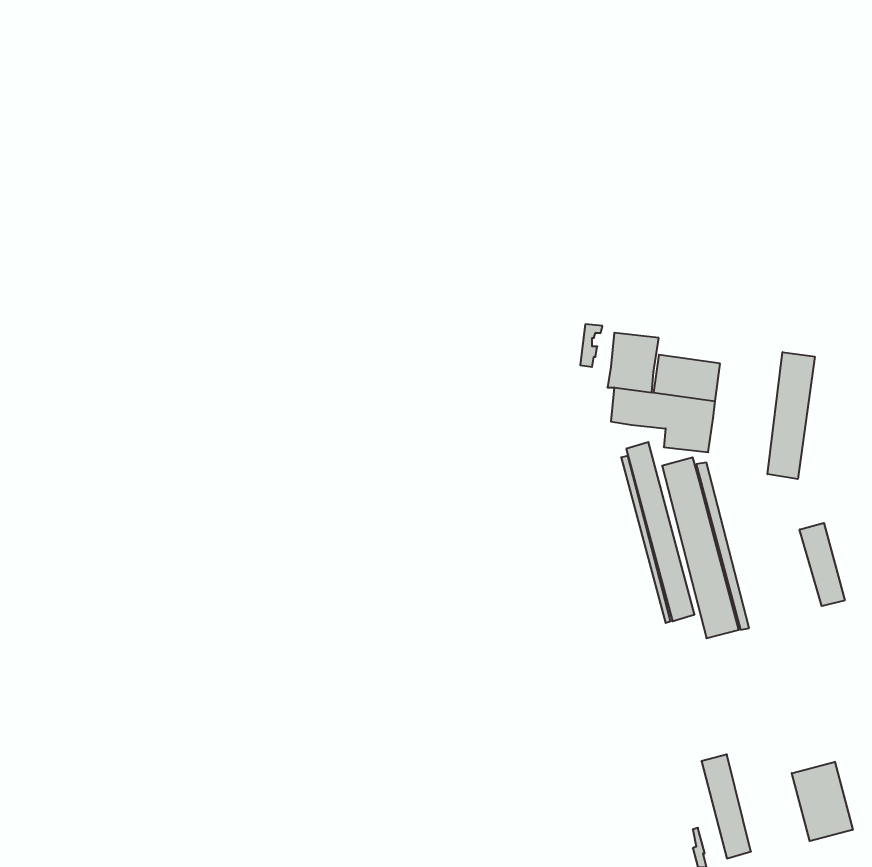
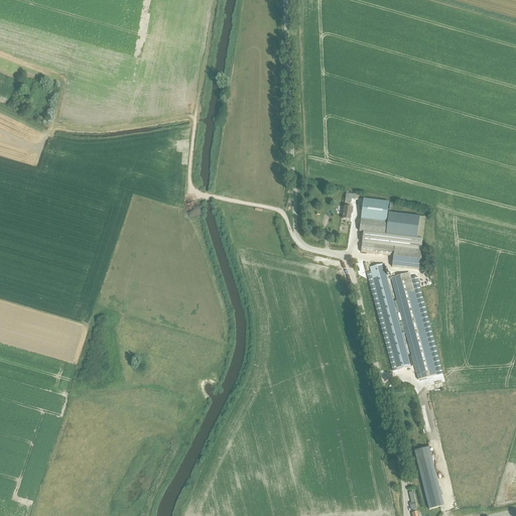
building: [768,352,815,479] -> none
building: [800,523,845,606] -> none
building: [792,762,853,841] -> none

